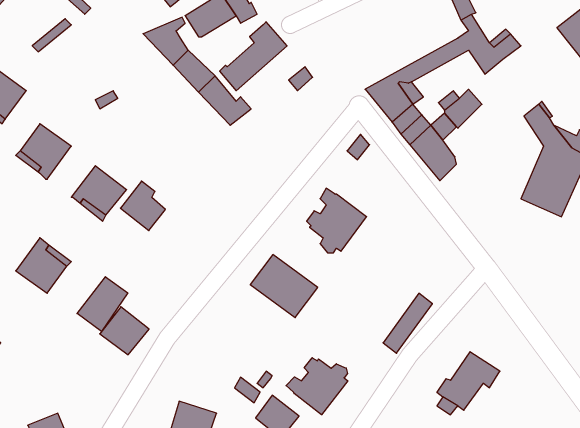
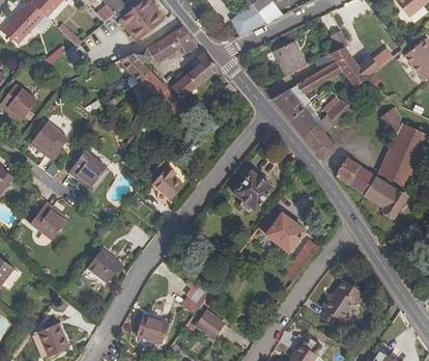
building: none -> [276,40,309,74]
building: none -> [336,158,406,218]
building: [120,181,165,231] -> [152,164,183,198]
building: [250,255,318,318] -> [258,206,305,250]
building: [77,277,128,331] -> none
building: [286,358,348,415] -> none

